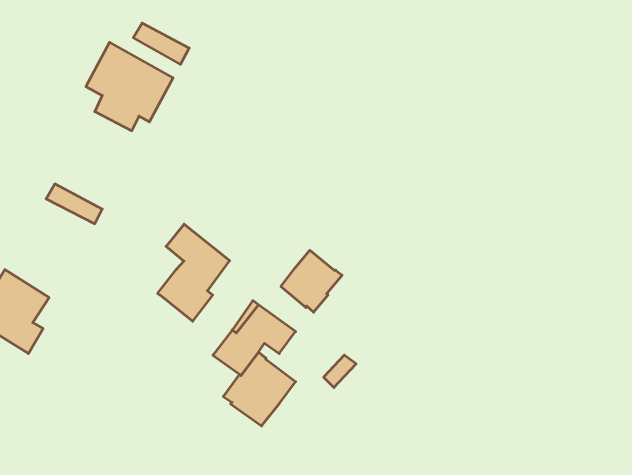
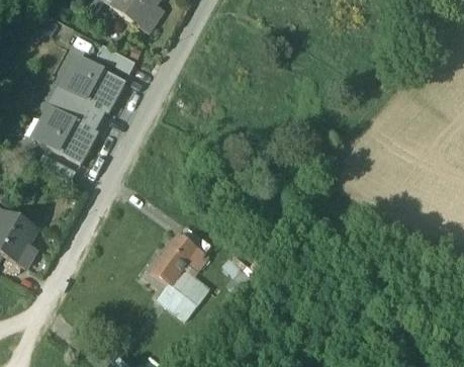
building: none -> [35,103,96,161]
building: [158,224,230,321] -> none
building: [281,250,342,312] -> none

